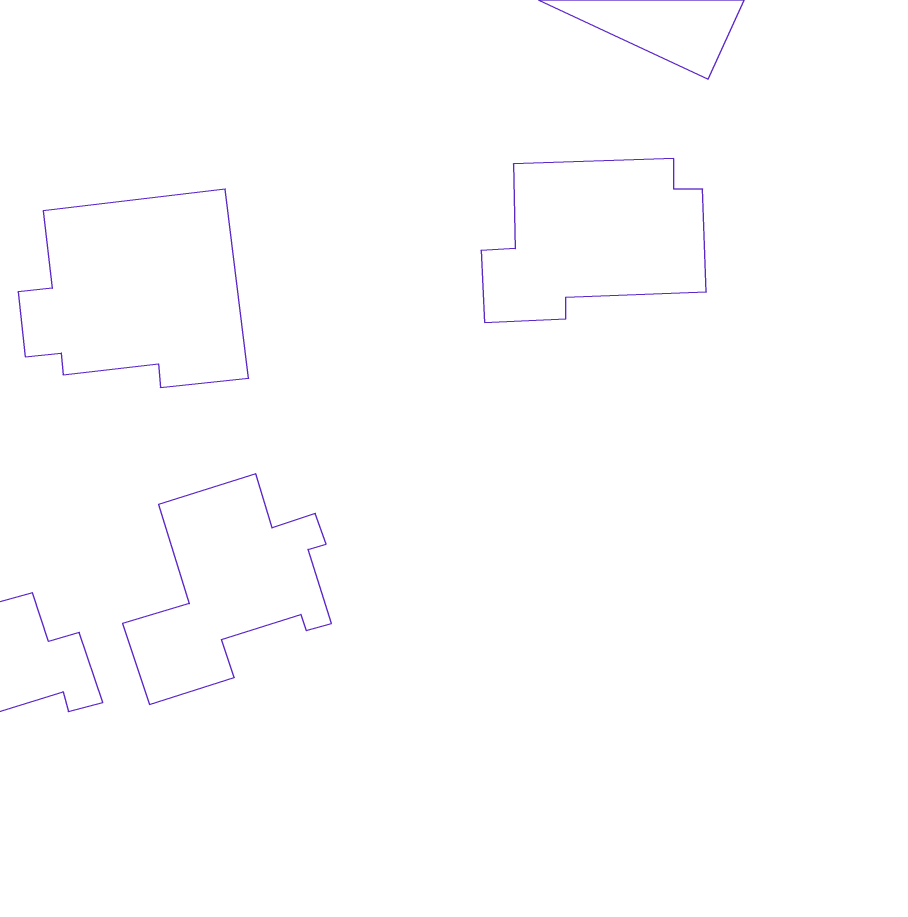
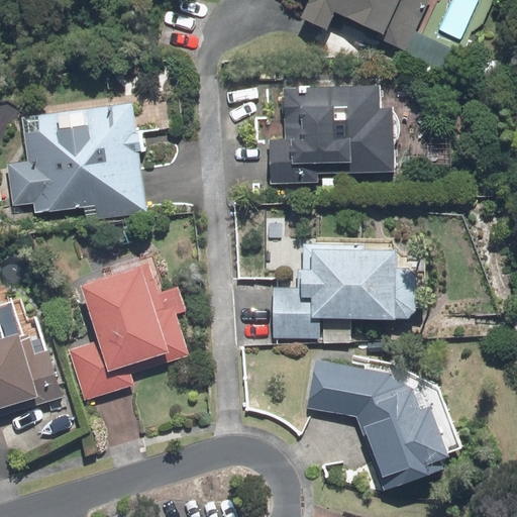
building: none -> [277,245,400,334]
building: none -> [310,363,445,478]

